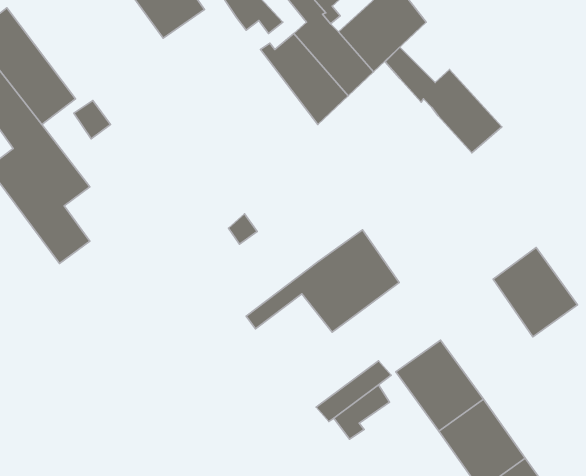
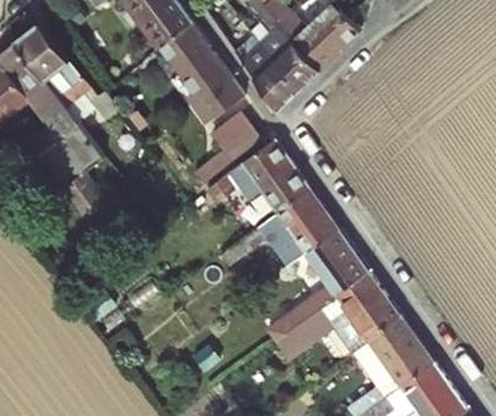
building: none -> [159,23,234,106]
building: [385,47,502,153] -> none
building: none -> [211,111,260,159]
building: none -> [225,139,309,213]
building: [493,247,578,337] -> [305,229,368,297]

